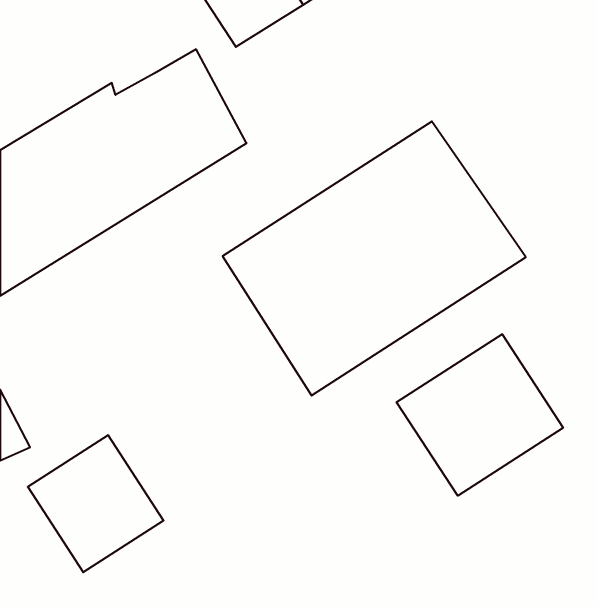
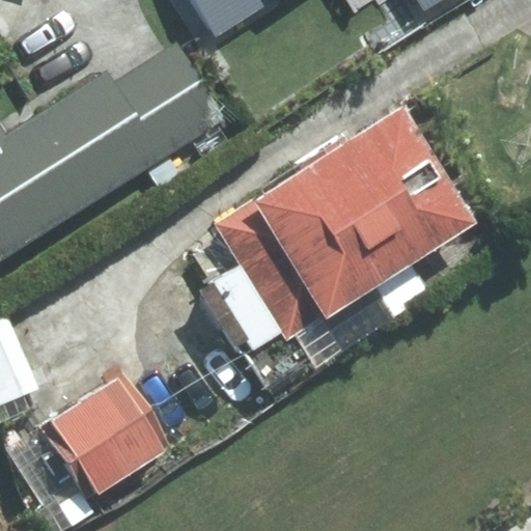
building: [397,334,563,496] -> none

